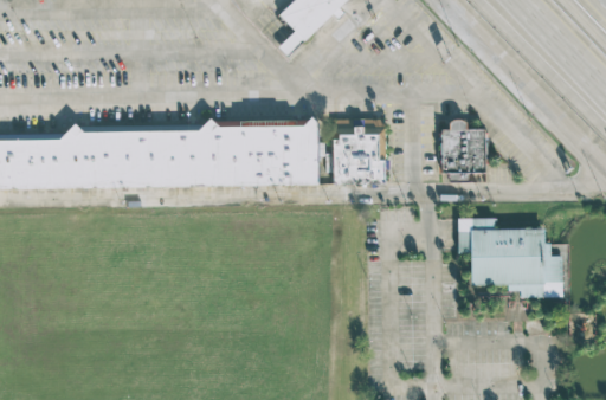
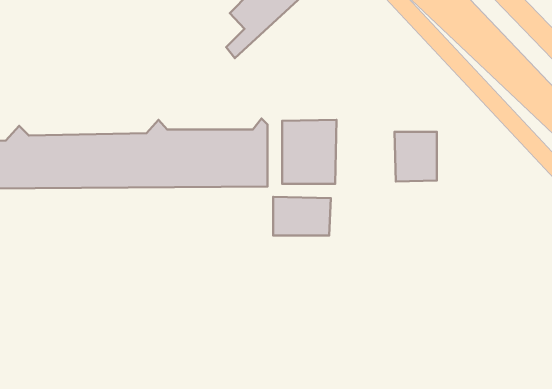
building: none -> [273,197,331,236]
building: [457,219,568,305] -> none

